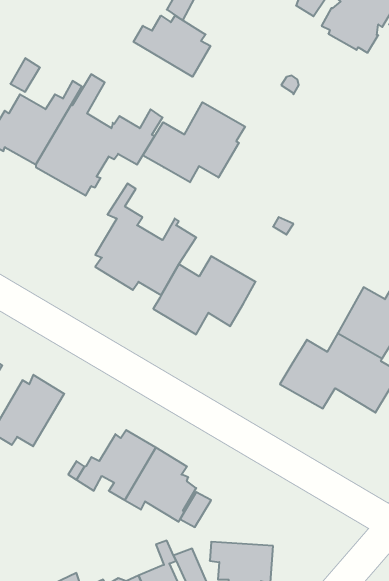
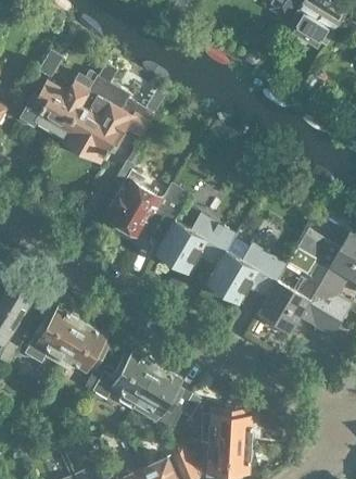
building: [134,16,210,77] -> none
building: [143,102,245,182] -> none
building: none -> [206,241,288,303]
building: none -> [58,322,107,371]
building: none -> [201,408,252,444]

